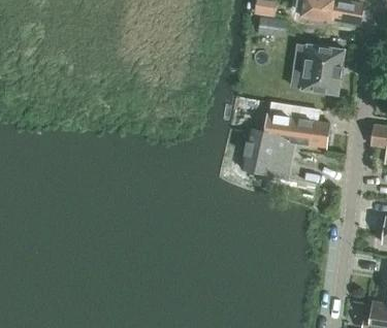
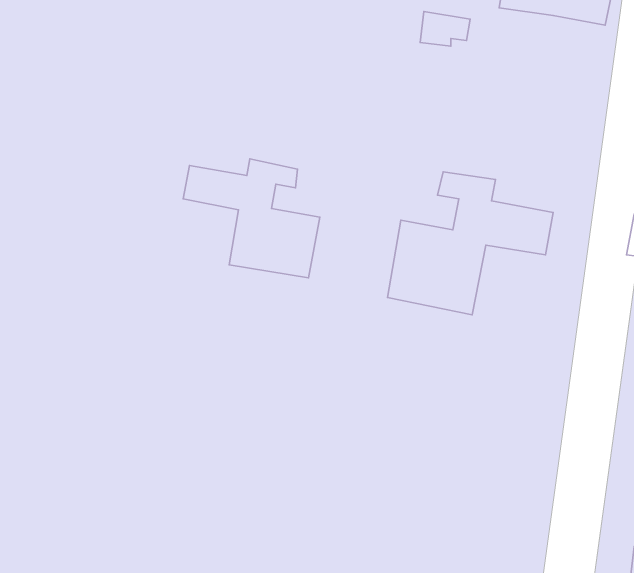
building: [297,43,344,95] -> none
building: none -> [183,159,320,278]

